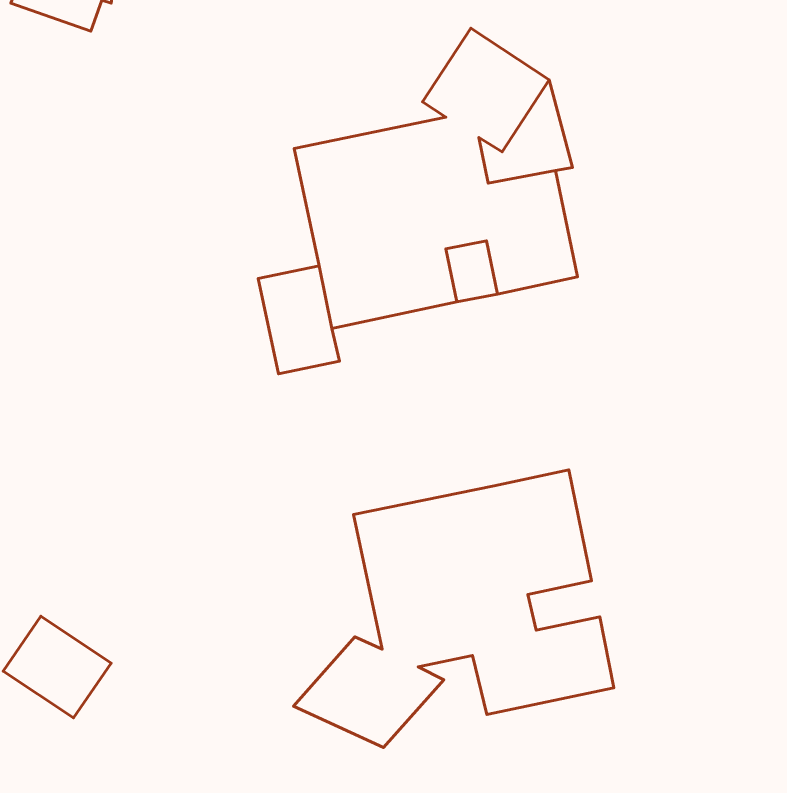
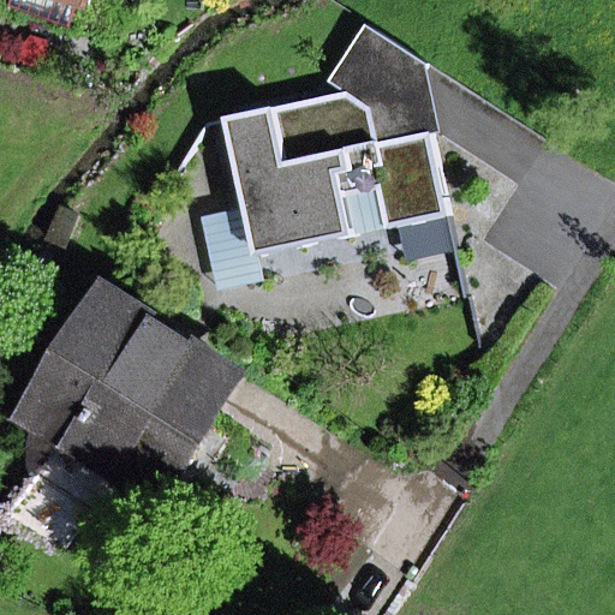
building: none -> [31,293,232,492]
building: [293,470,614,747] -> none

